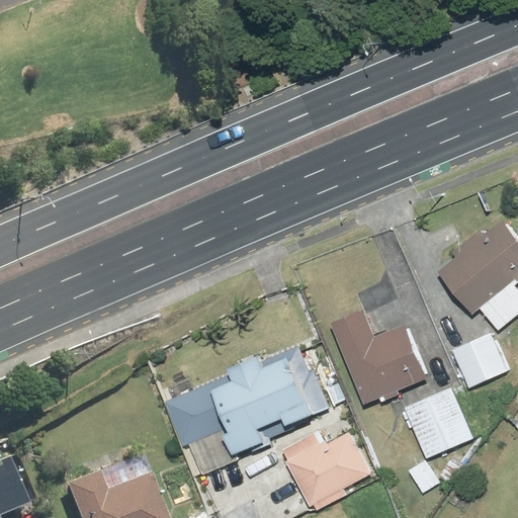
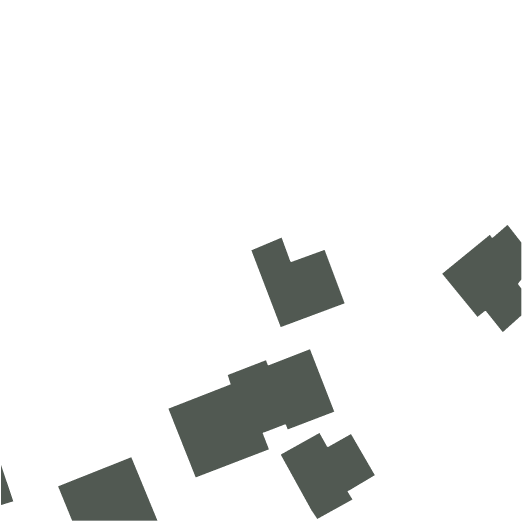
building: [332,312,426,402] -> [250,237,345,328]
building: [449,330,505,386] -> none
building: [403,388,474,460] -> none

